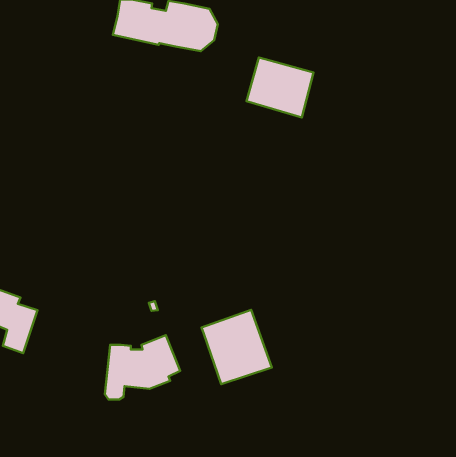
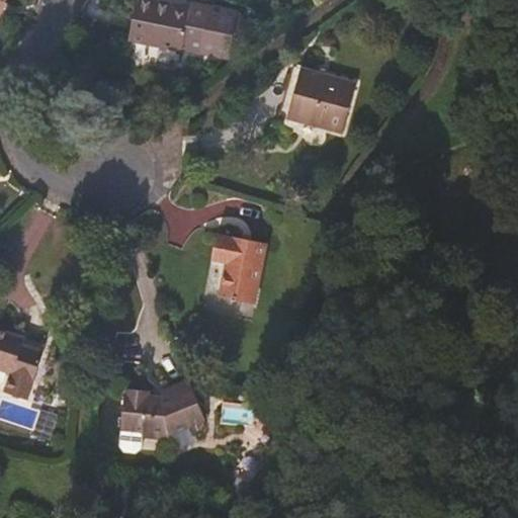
building: none -> [210,234,266,304]
building: [201,310,272,384] -> none

